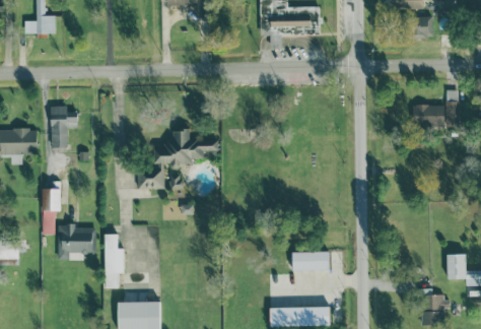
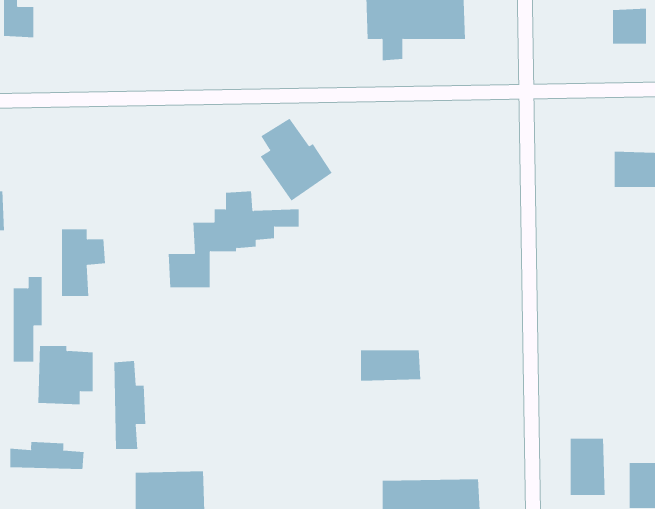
building: none -> [260,118,333,201]
building: [51,105,78,146] -> [61,229,106,296]
building: [292,251,330,270] -> [360,350,421,381]
building: none -> [570,438,605,496]
building: none -> [10,441,84,470]

